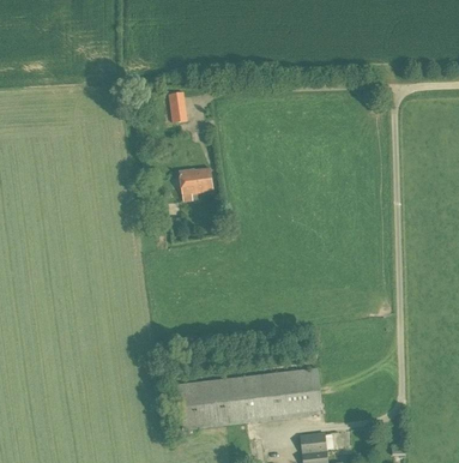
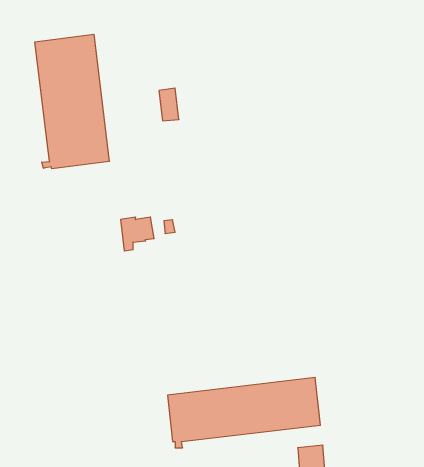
building: none -> [35,34,109,169]
building: [180,167,212,199] -> [121,217,154,251]

